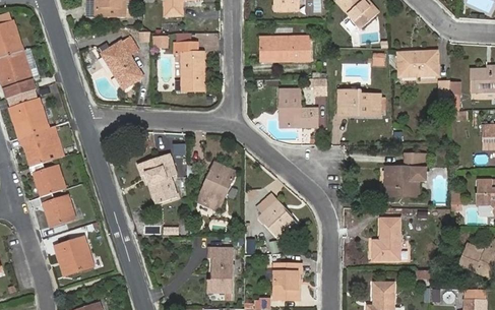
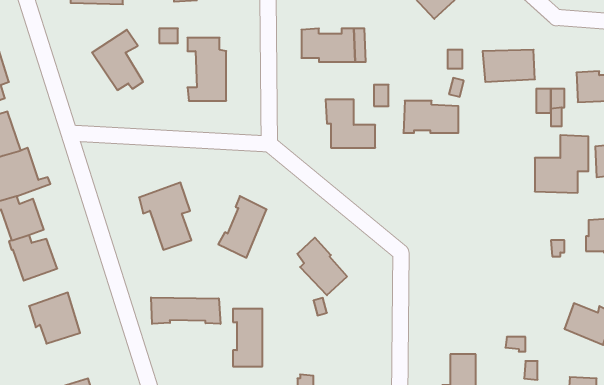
building: [385,152,426,196] -> [535,135,588,193]
building: [373,219,407,259] -> none
building: none -> [151,297,220,324]
building: [272,264,301,299] -> none

